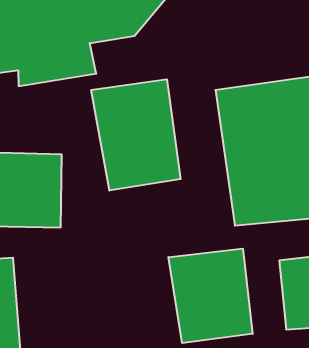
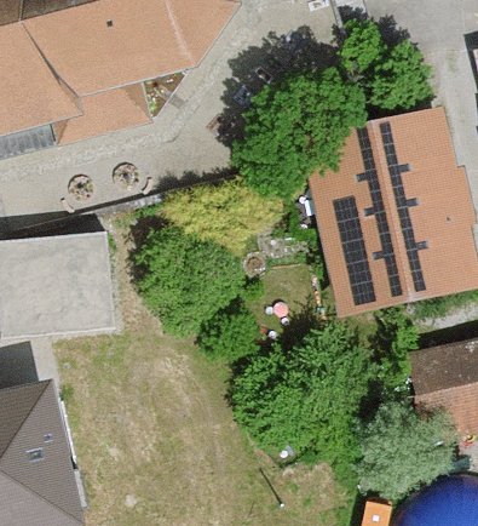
building: [91,79,181,191] -> none
building: [168,249,253,343] -> none

